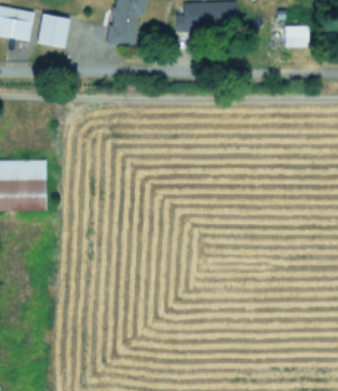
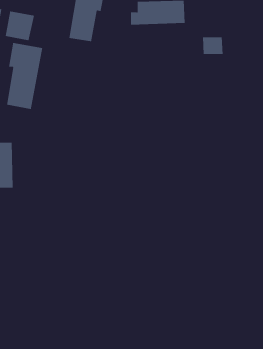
building: [285,26,309,46] -> [202,37,224,54]
building: none -> [6,42,43,110]

